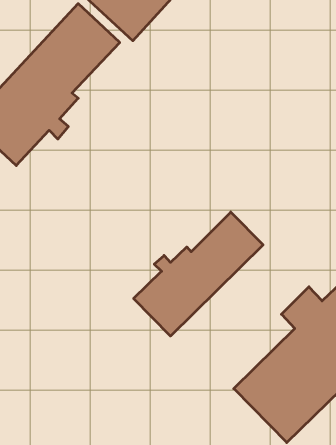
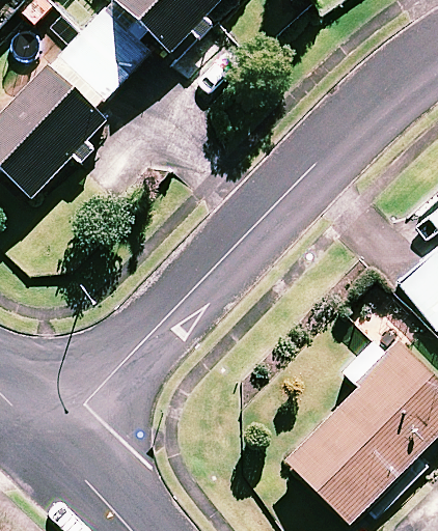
building: [134,212,263,336] -> none

